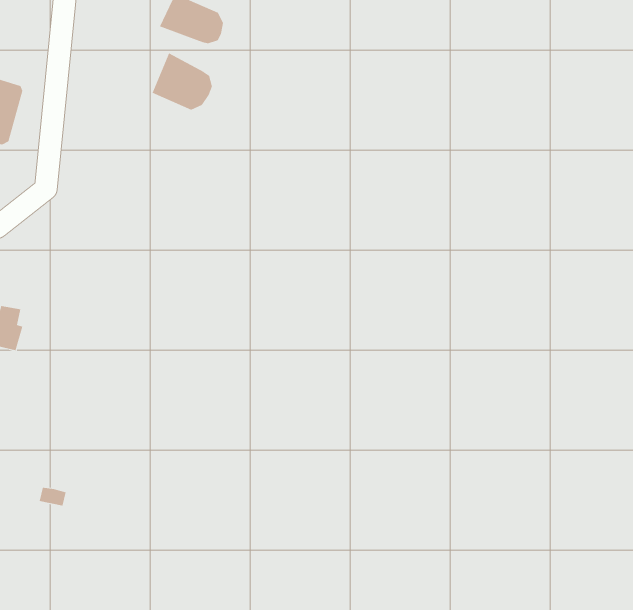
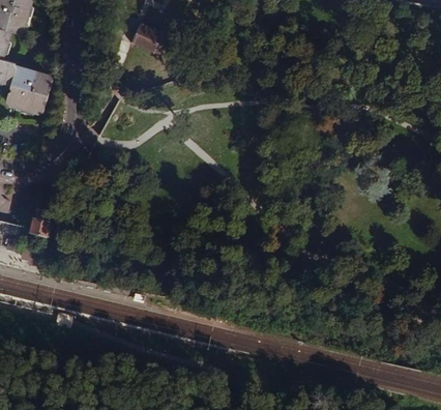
building: [152,52,213,110] -> none

